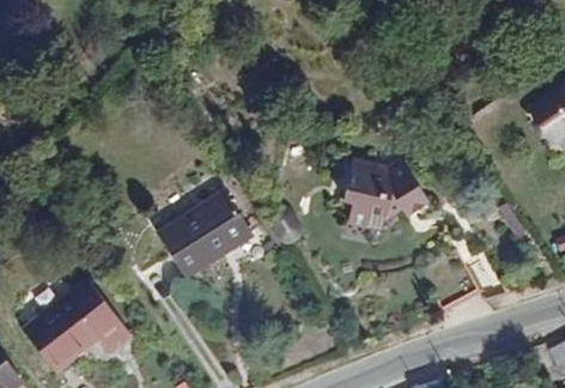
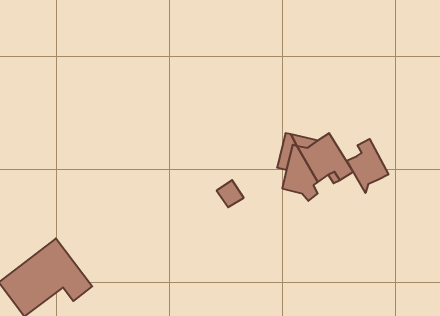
building: none -> [347,139,388,193]
building: [158,187,251,275] -> none

